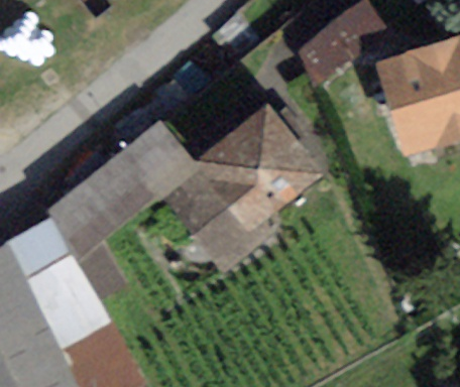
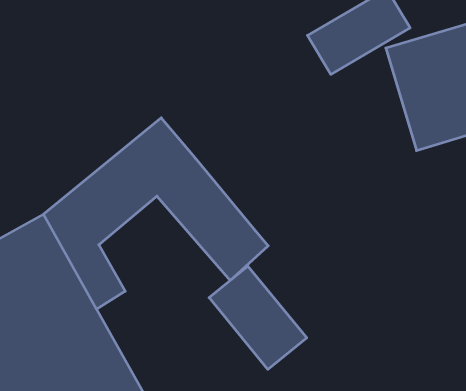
building: [192,104,321,233] -> none
building: none -> [209,266,307,369]

